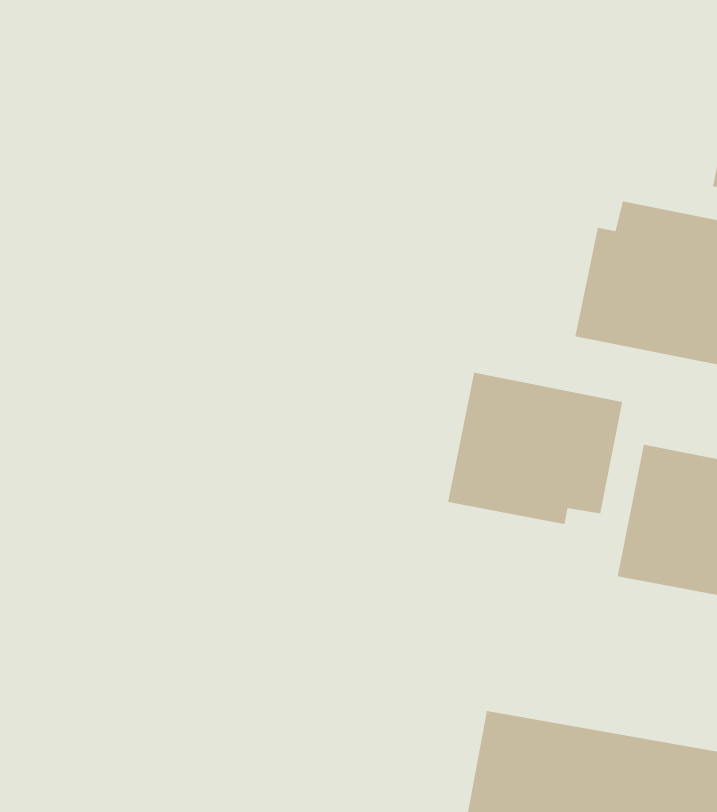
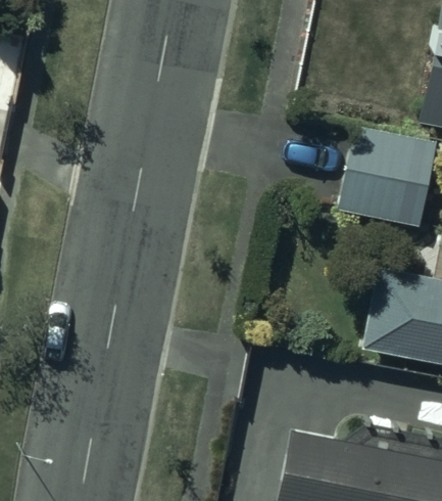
building: [447,372,623,525] -> none

